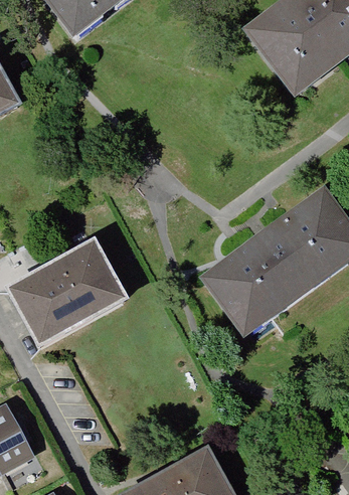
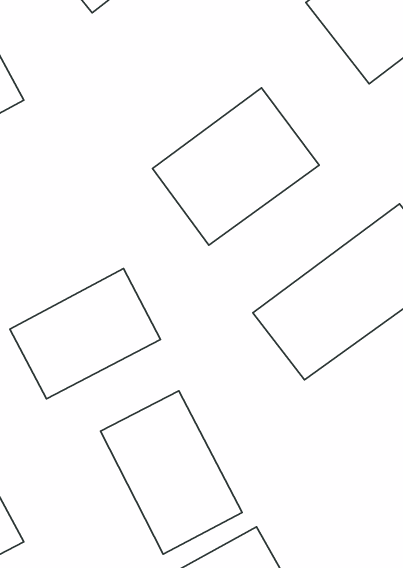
building: none -> [153,88,319,245]
building: none -> [100,391,242,554]

